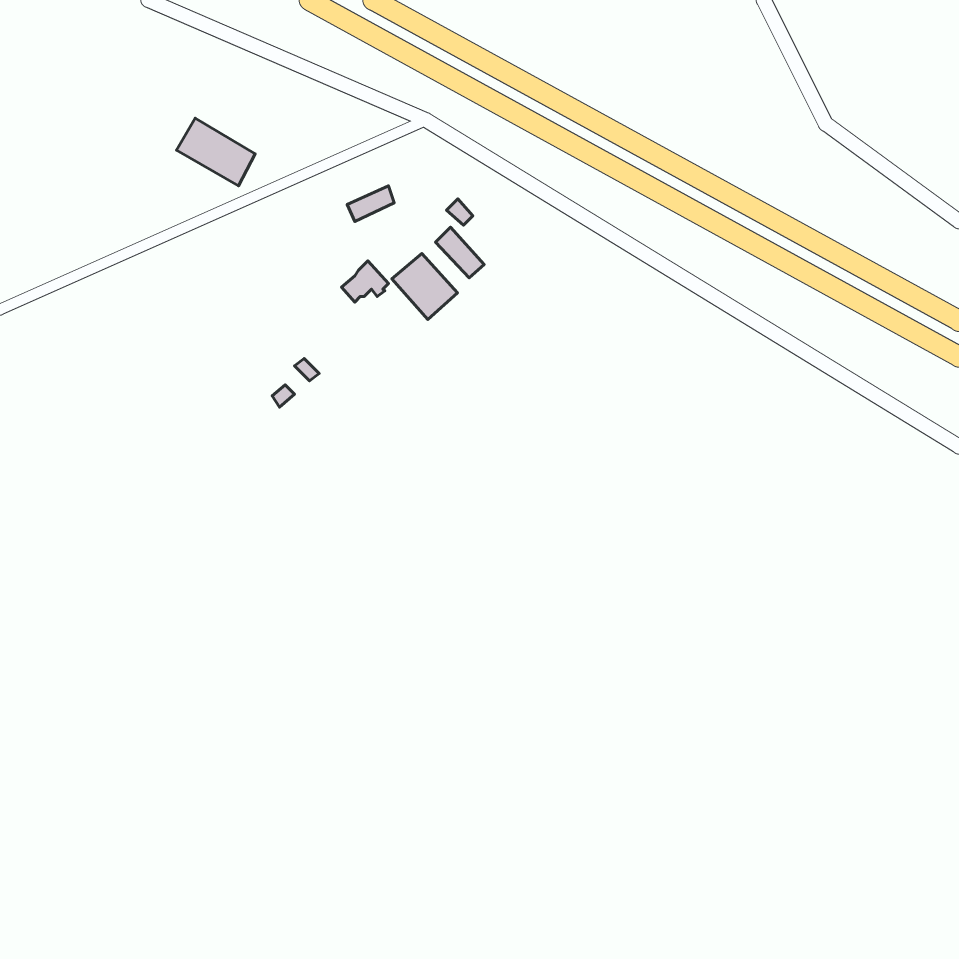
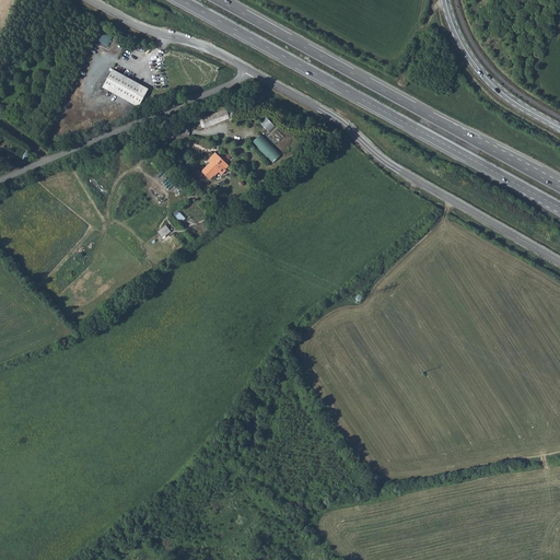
building: [392,253,458,320] -> none

